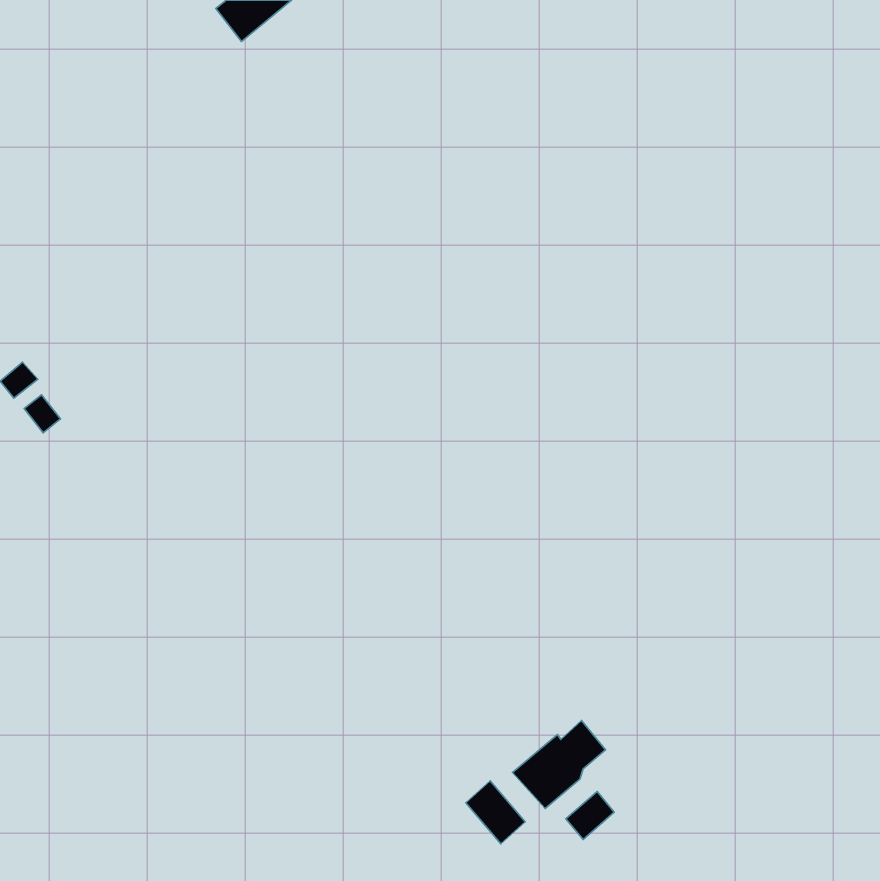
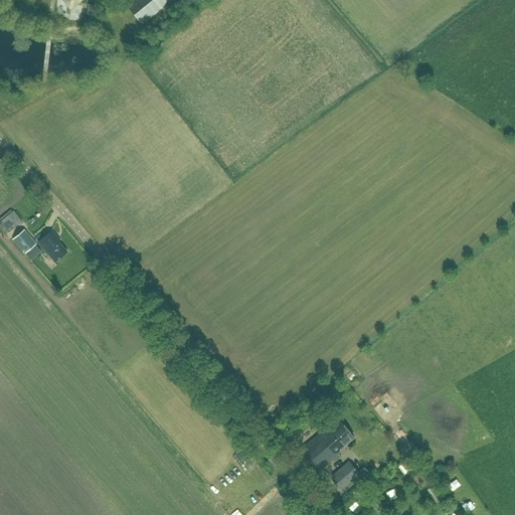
building: none -> [39,230,68,263]
building: [466,781,525,844] -> none

